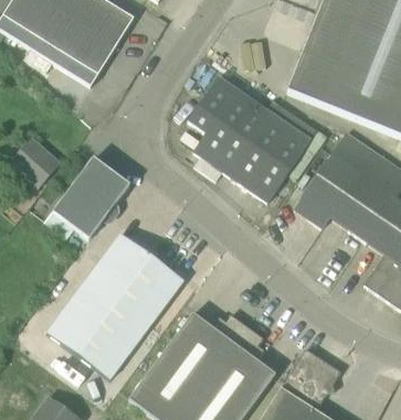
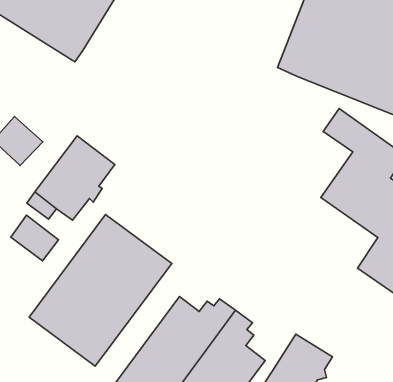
building: [189,76,312,202] -> none
building: [295,152,361,227] -> none
building: none -> [11,215,58,261]

